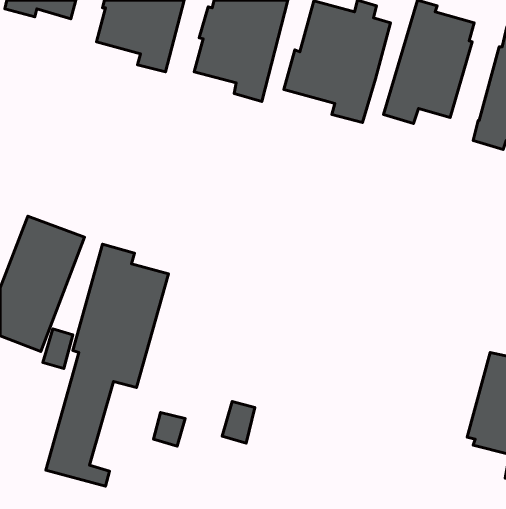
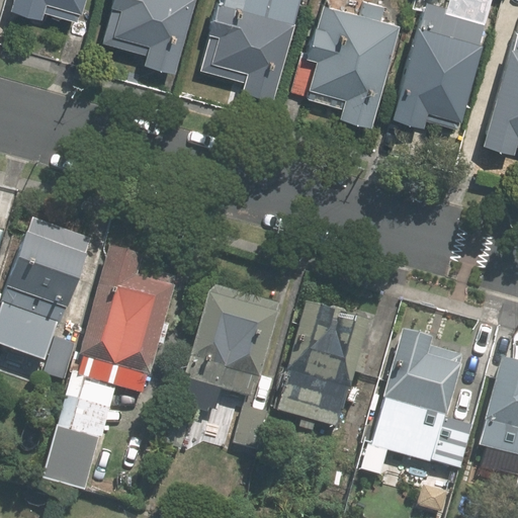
building: none -> [181,285,275,415]
building: none -> [278,305,369,431]
building: none -> [360,329,471,477]

